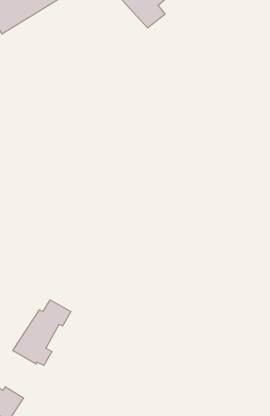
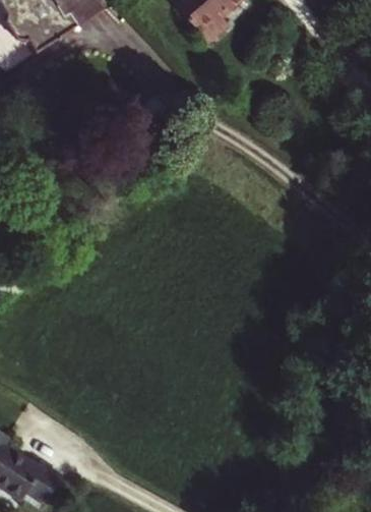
building: [13,300,71,365] -> none

